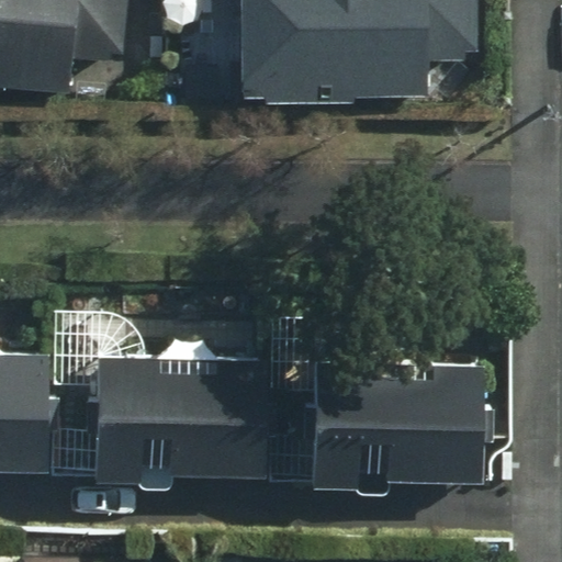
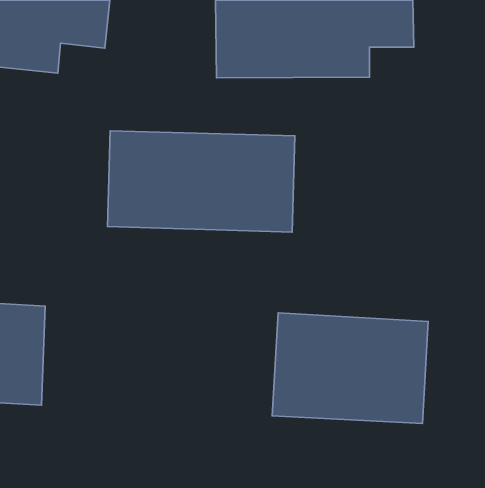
building: none -> [108,131,295,232]
building: [98,357,262,480] -> none

